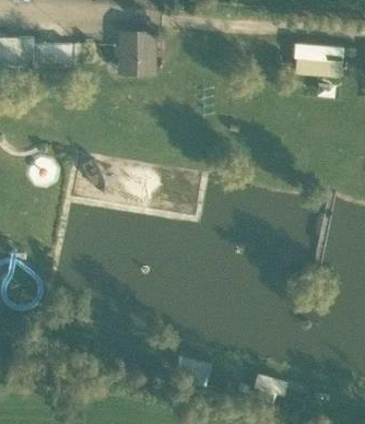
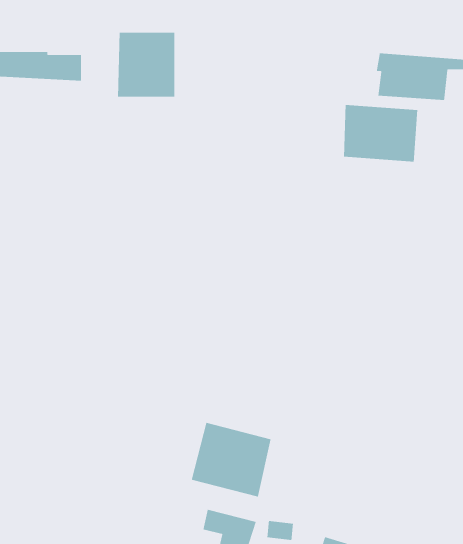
building: none -> [343,104,418,162]
building: none -> [191,422,272,498]

